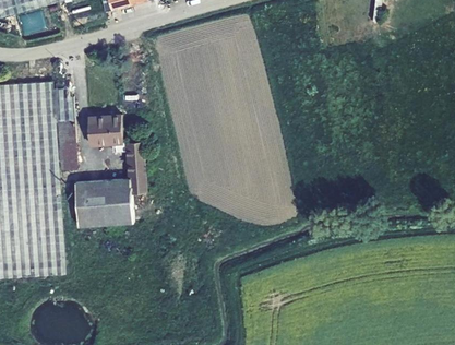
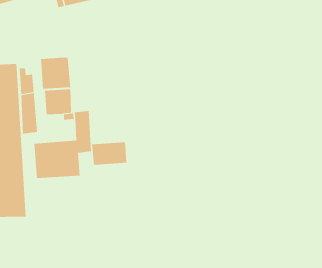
building: none -> [41,57,71,90]
building: none -> [92,142,127,165]

